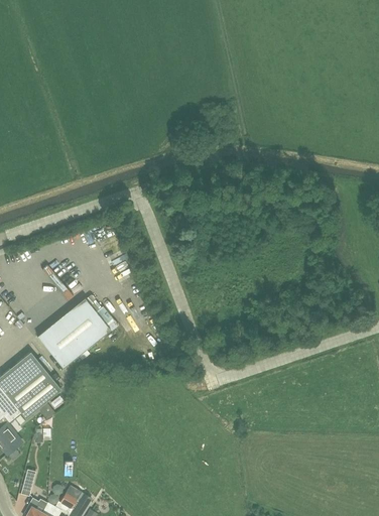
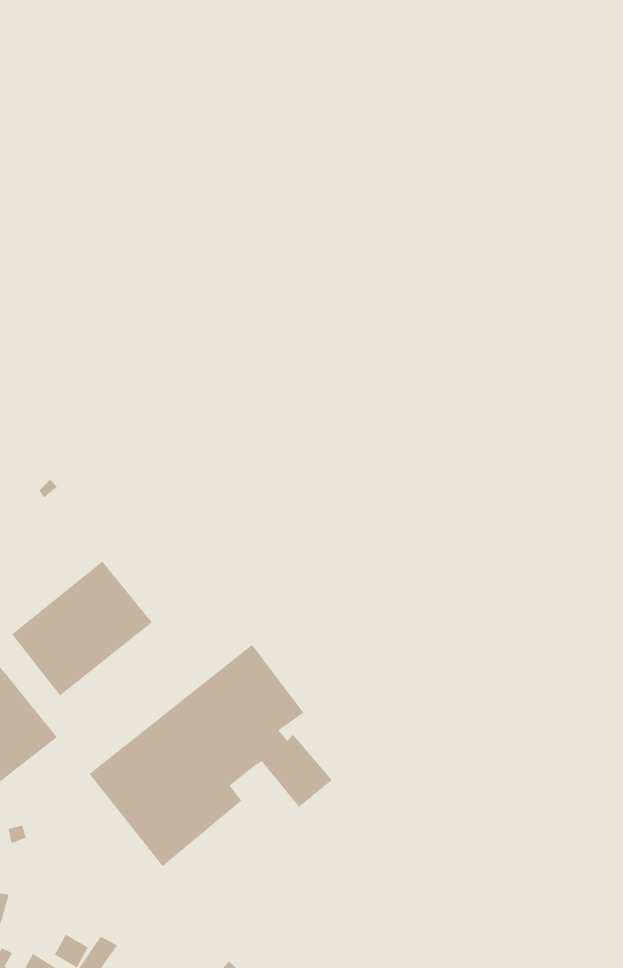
building: none -> [88,644,333,867]

